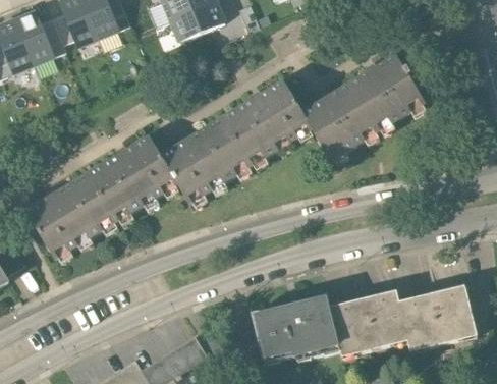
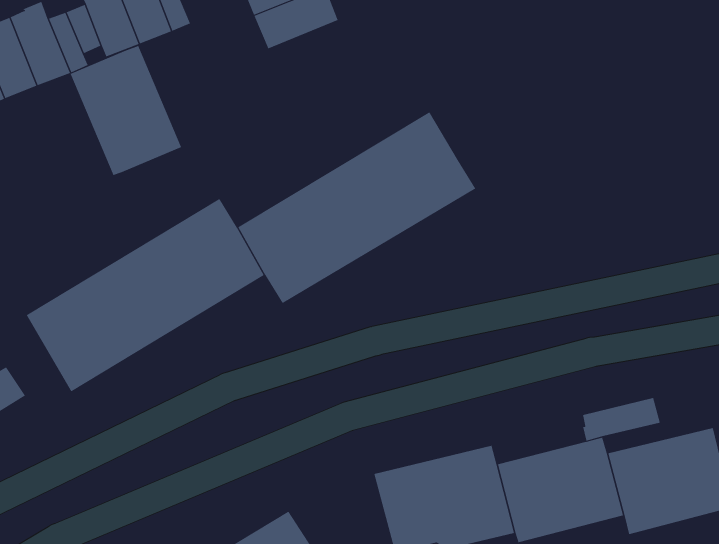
building: none -> [70,45,182,176]
building: [300,54,425,160] -> none
building: none -> [583,397,661,441]

